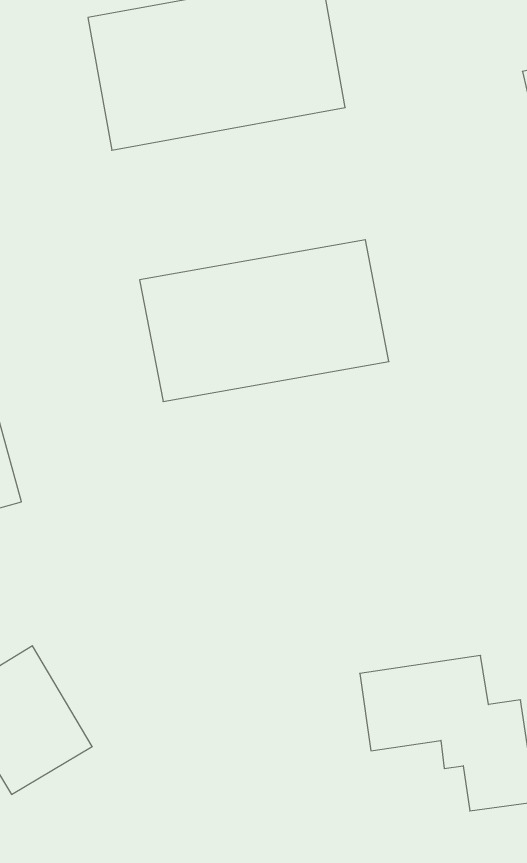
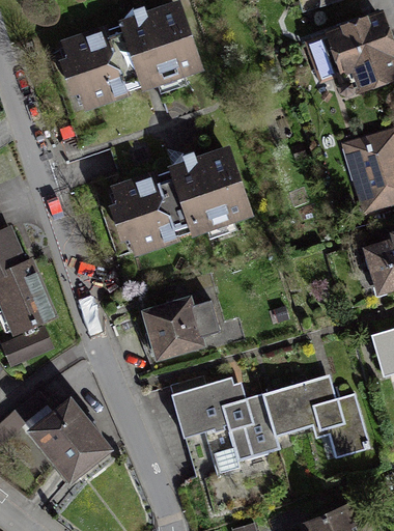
building: none -> [142,298,218,359]
building: none -> [173,376,276,472]

